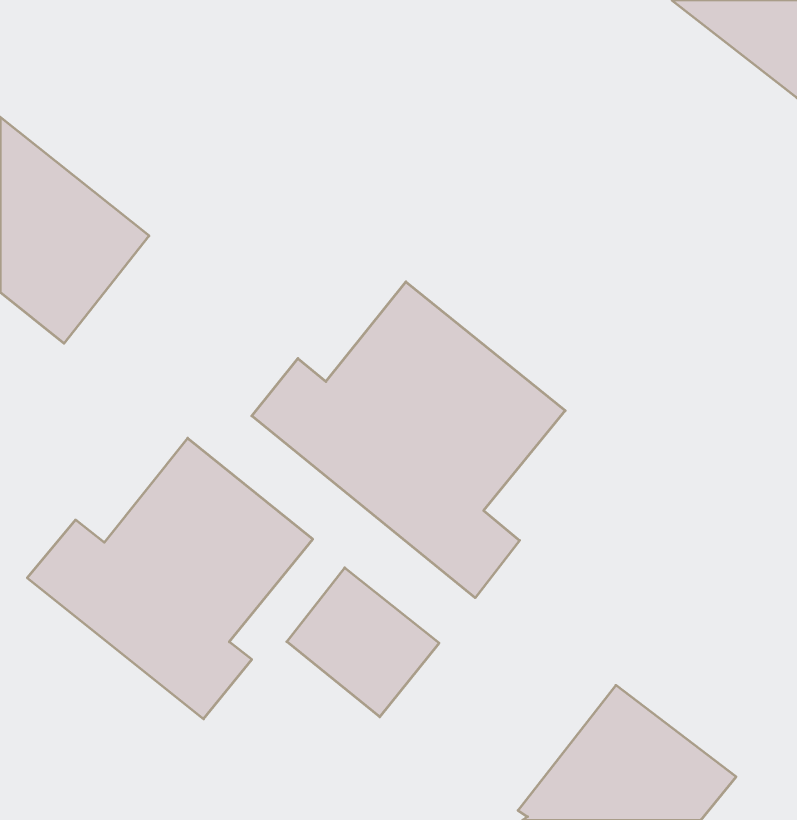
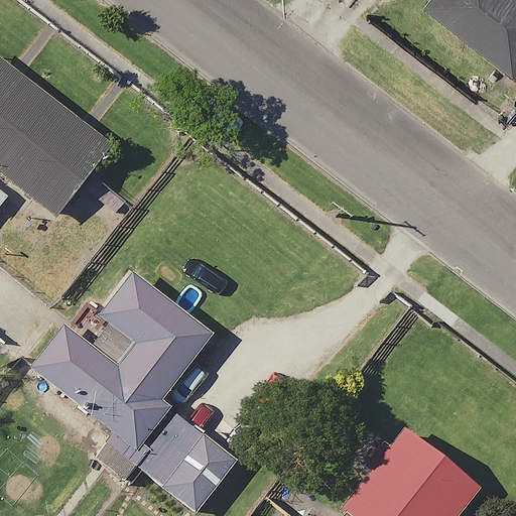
building: [252,282,565,598] -> none
building: [287,568,439,717] -> [140,417,236,511]

